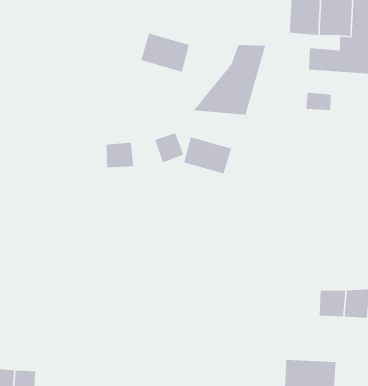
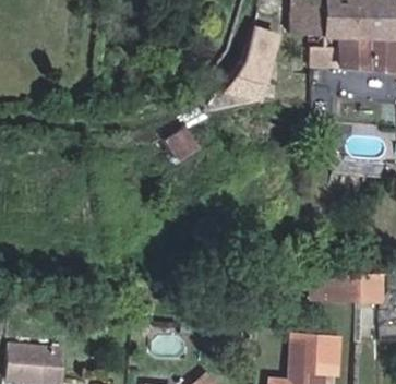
building: [140,33,190,73] -> none
building: [183,136,232,175] -> none

